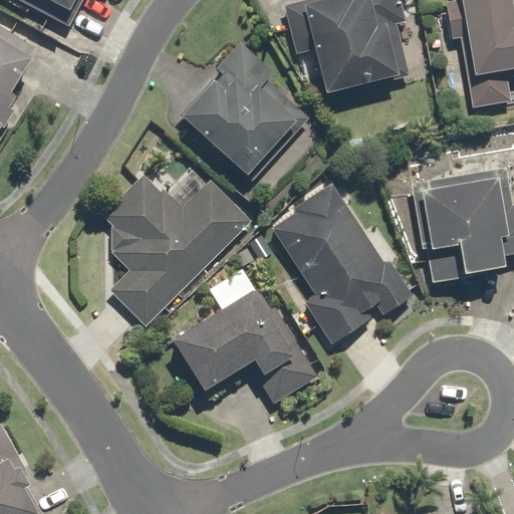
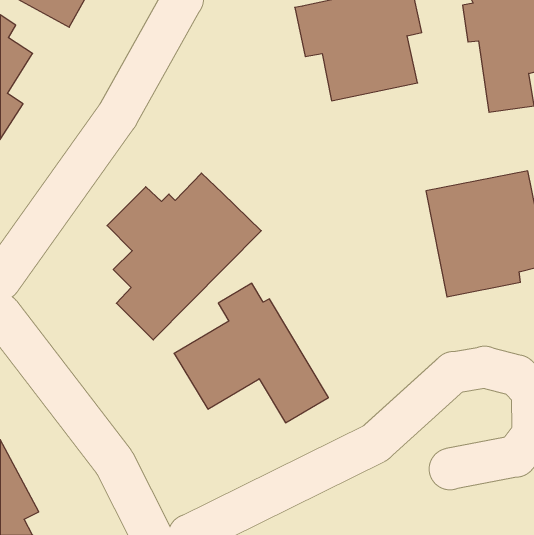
building: [177,40,311,178] -> none
building: [269,183,413,346] -> none

